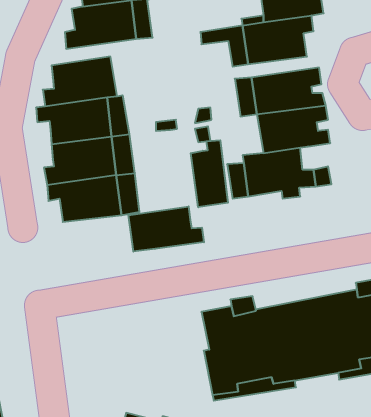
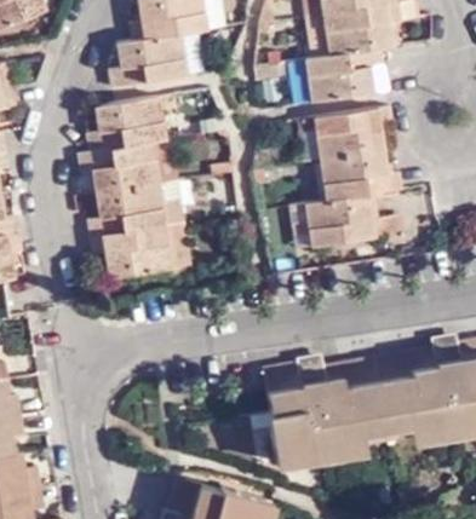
building: [191,140,228,207] -> none
building: [128,206,204,252] -> none

